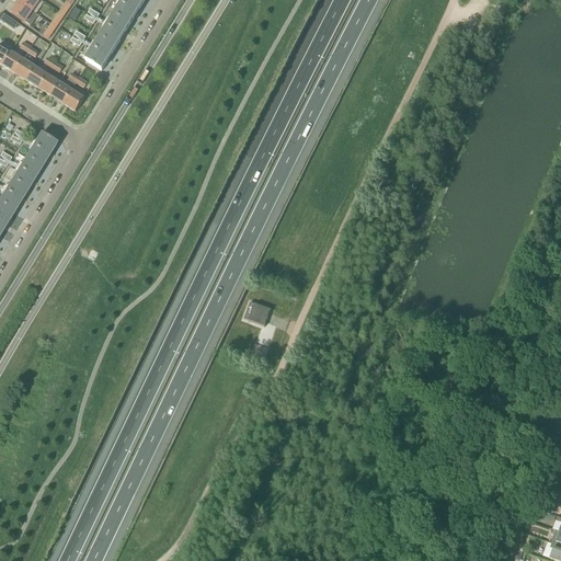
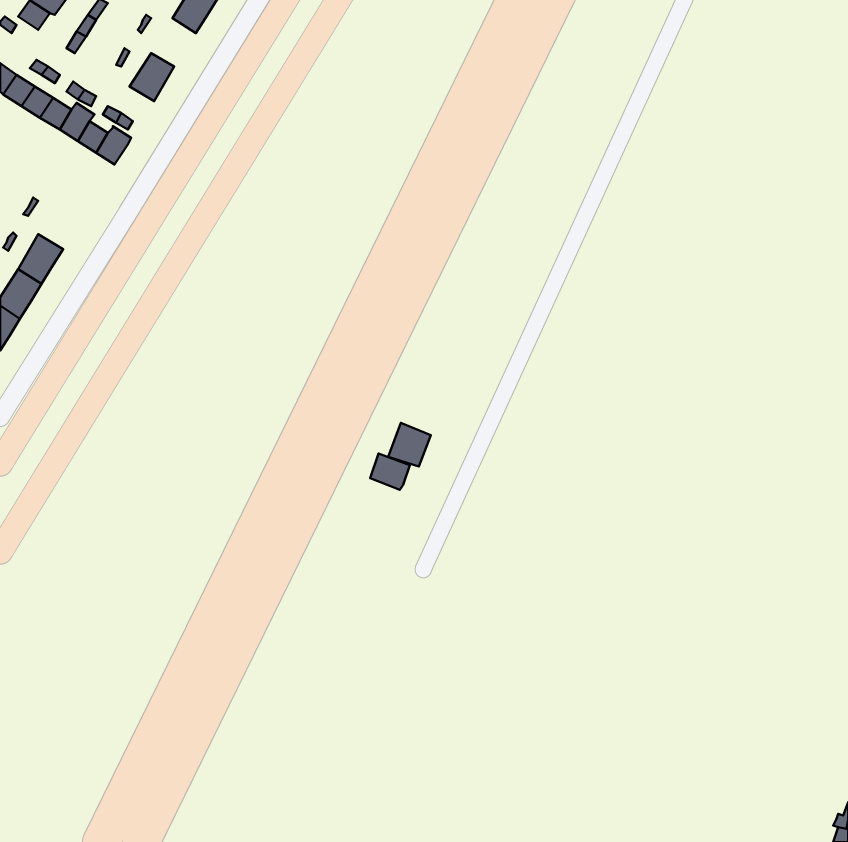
building: [100,12,129,44] -> none
building: [25,133,56,164] -> none
building: none -> [388,423,431,466]

